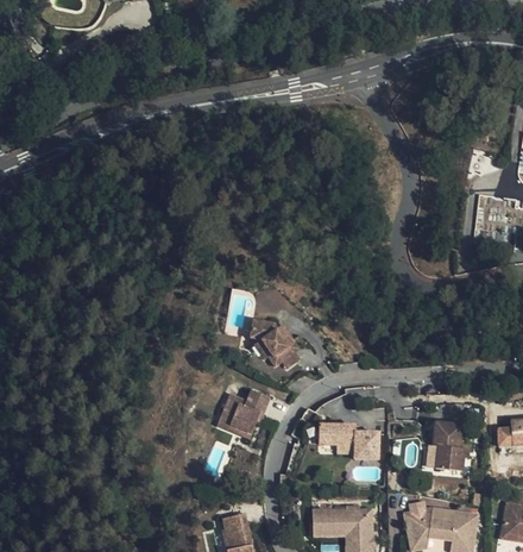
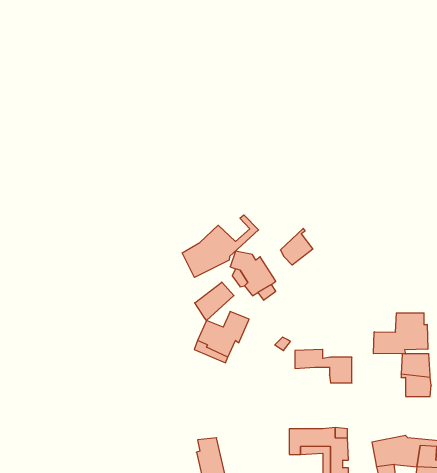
building: none -> [182,215,259,277]
building: none -> [280,228,313,265]
building: none -> [195,282,234,320]
building: none -> [374,313,428,354]

